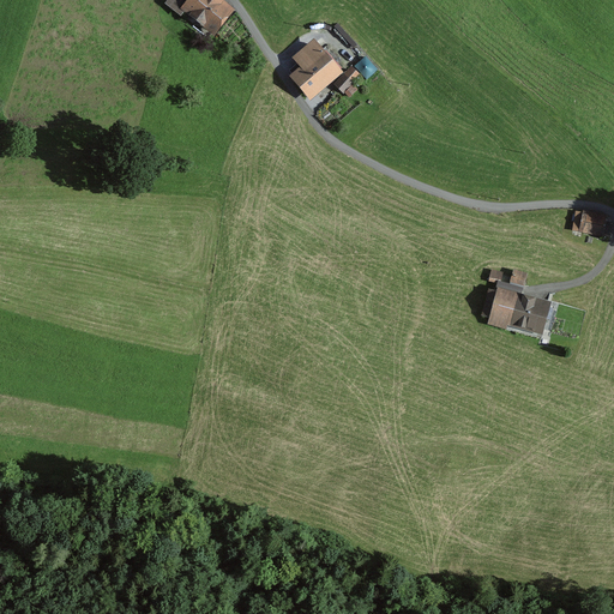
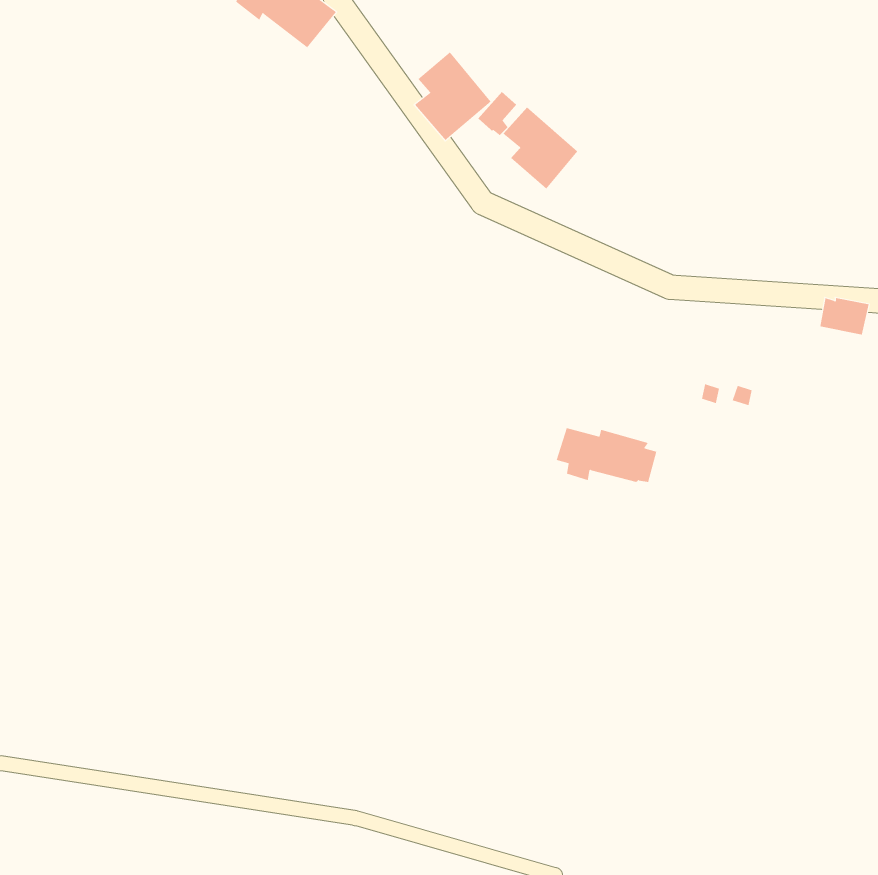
building: none -> [503,106,578,190]
building: [483,289,554,327] -> [556,428,657,483]

